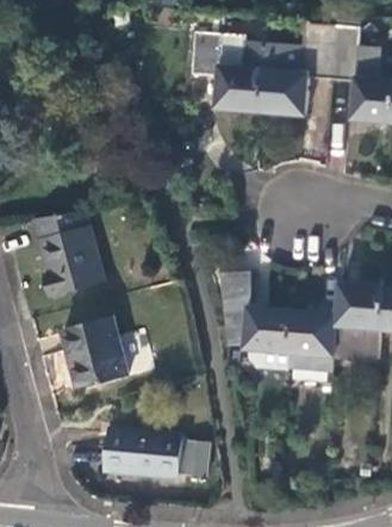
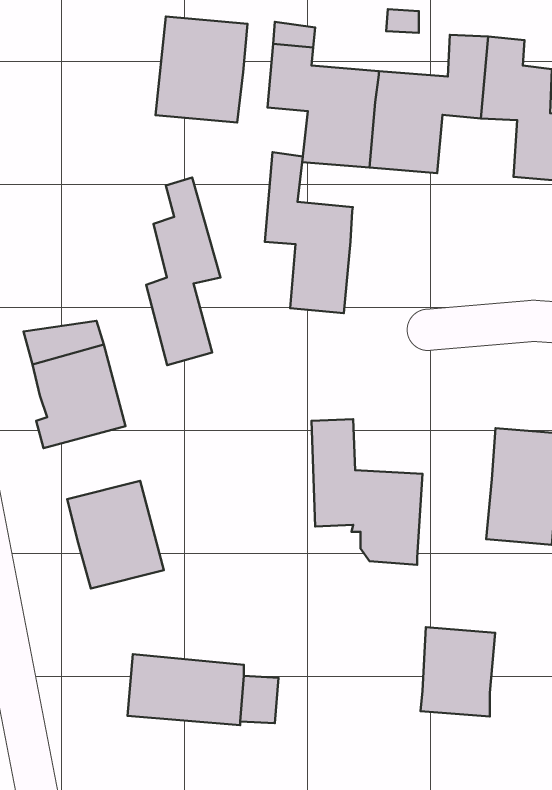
building: none -> [156,17,248,123]
building: none -> [265,152,353,313]
building: none -> [146,178,220,365]
building: [291,314,340,372] -> [421,627,495,716]

